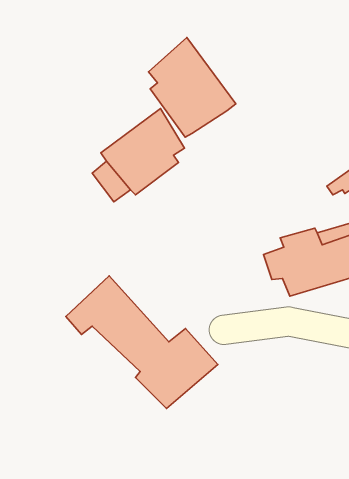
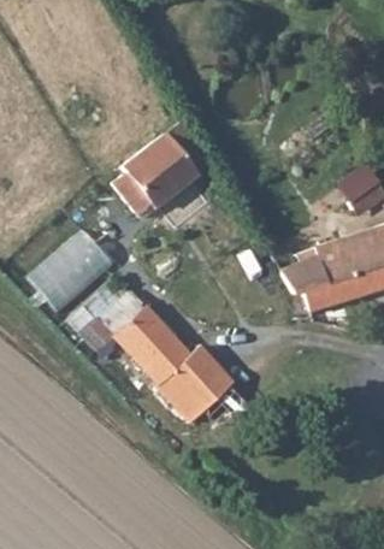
building: [149,38,236,137] -> none
building: none -> [35,234,111,307]

